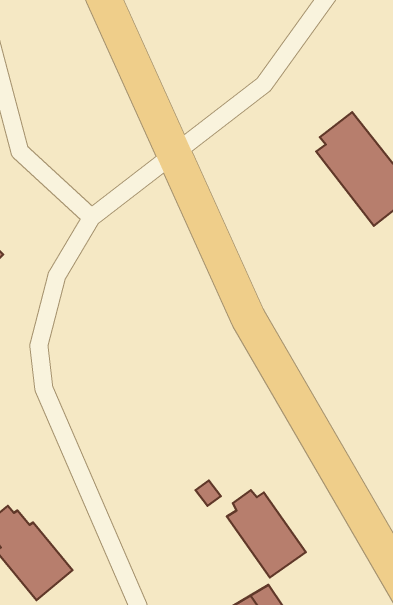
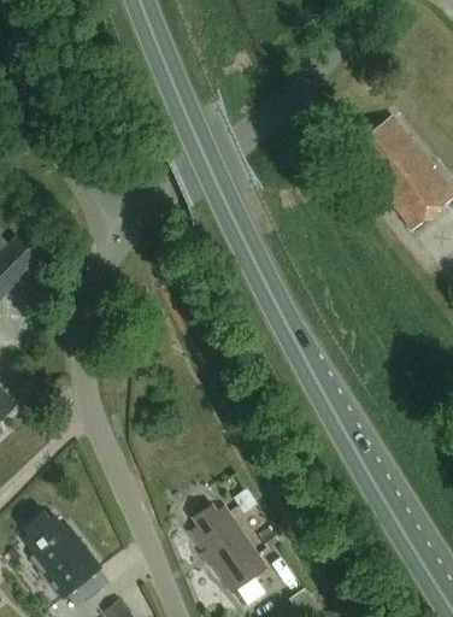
building: [227,490,306,577] -> [188,504,267,592]

